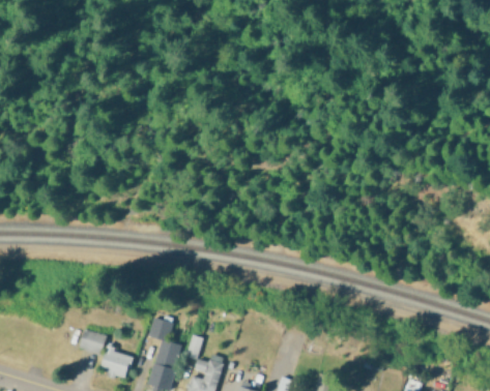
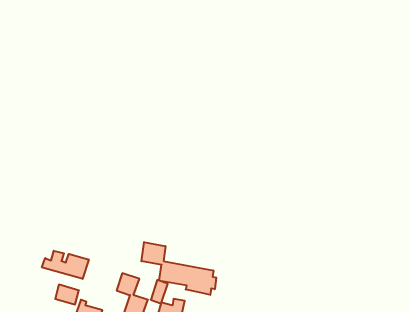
building: none -> [141,242,216,295]
building: none -> [42,251,89,279]

